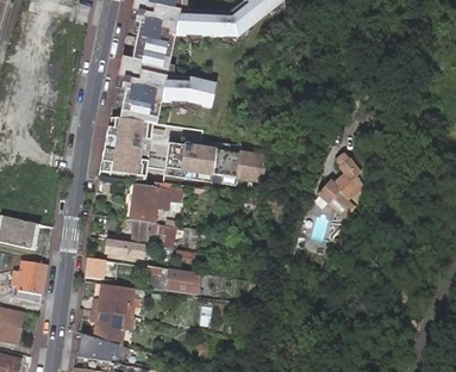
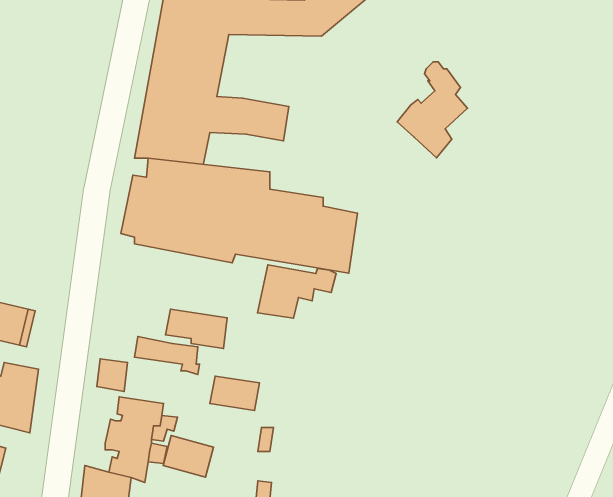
building: [318,151,367,218] -> [397,62,467,158]
building: [130,187,185,224] -> [257,265,336,318]
building: none -> [163,436,213,477]

